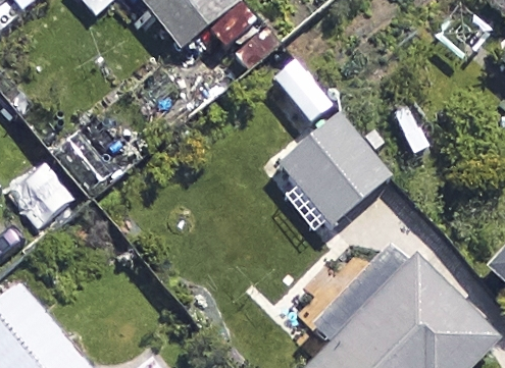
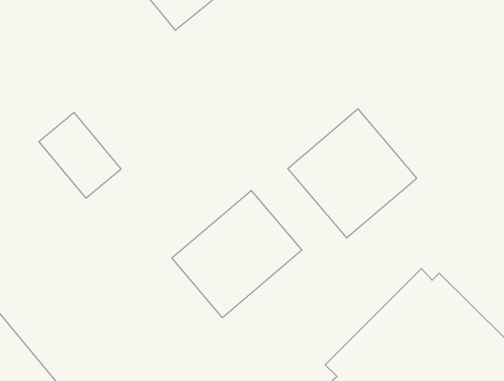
building: none -> [172,190,302,318]

